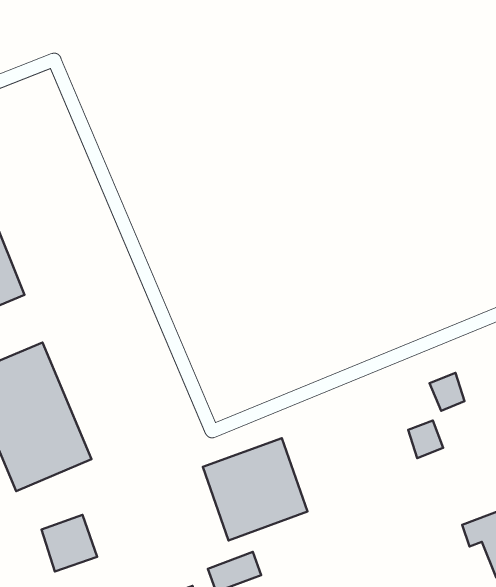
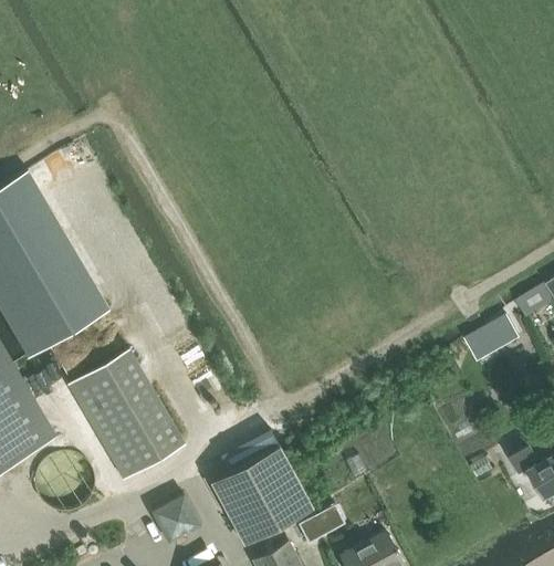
building: [408,420,443,458] -> [487,315,519,349]
building: [203,438,308,540] -> [212,448,307,542]

